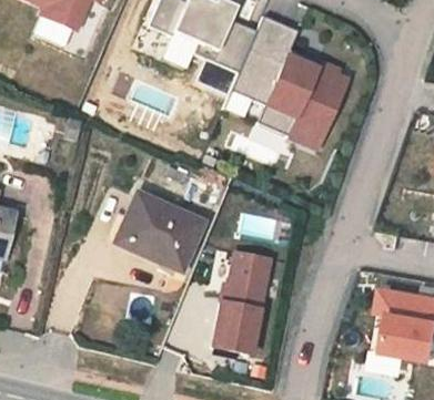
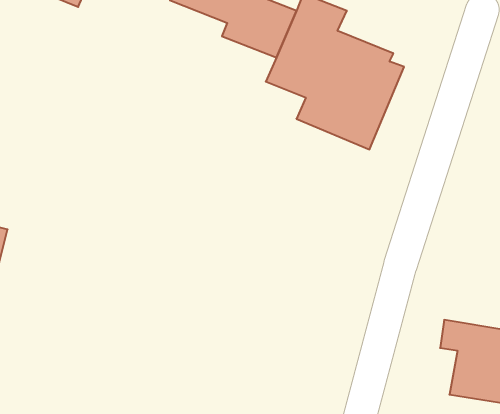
building: [120,194,201,270] -> none
building: [211,249,270,352] -> none

